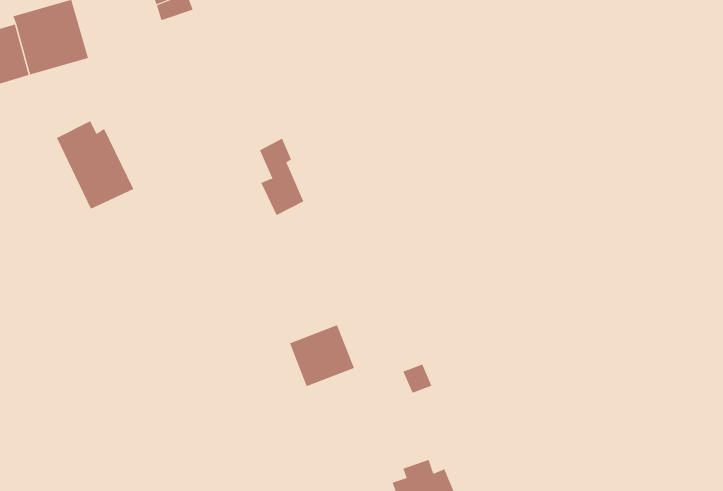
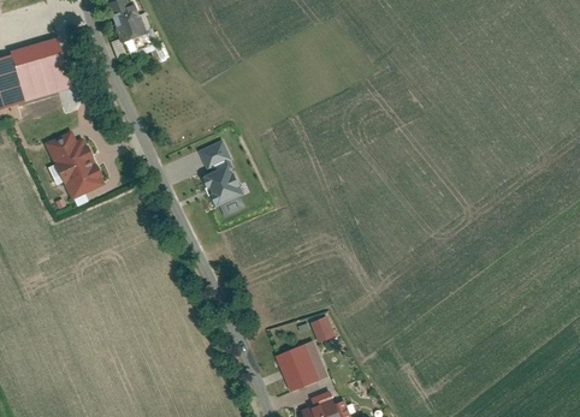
building: [289,325,355,387] -> [277,342,327,391]

